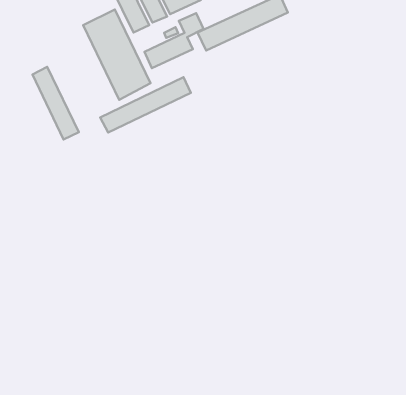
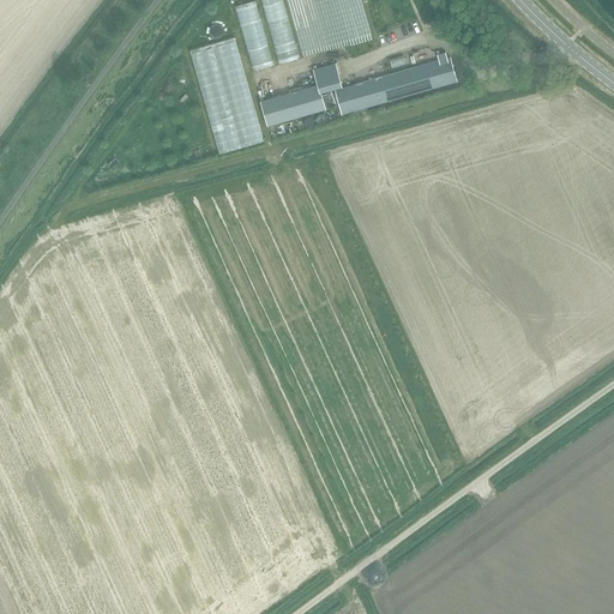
building: [32,67,79,139] -> none
building: [100,77,191,133] -> none

